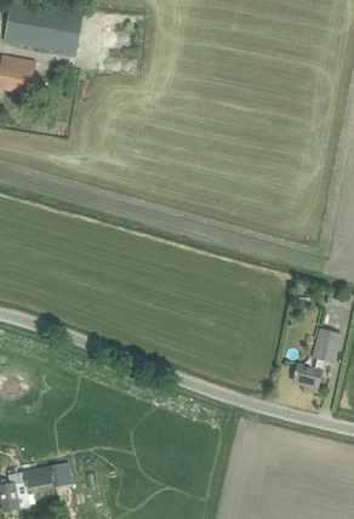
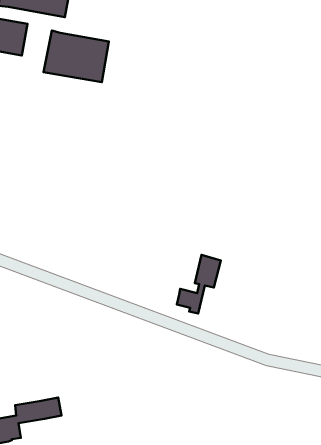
building: none -> [44,31,109,82]
building: [292,327,339,390] -> [177,255,221,314]

